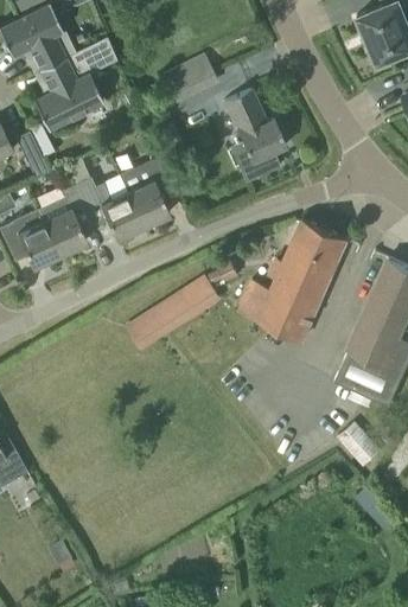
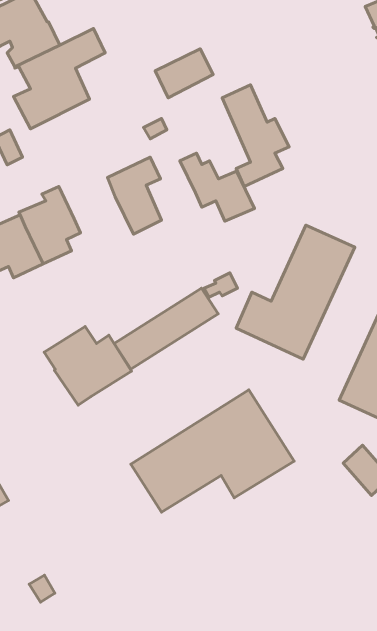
building: [74,177,142,239] -> [180,153,255,221]
building: none -> [44,327,131,405]
building: none -> [131,390,294,512]

